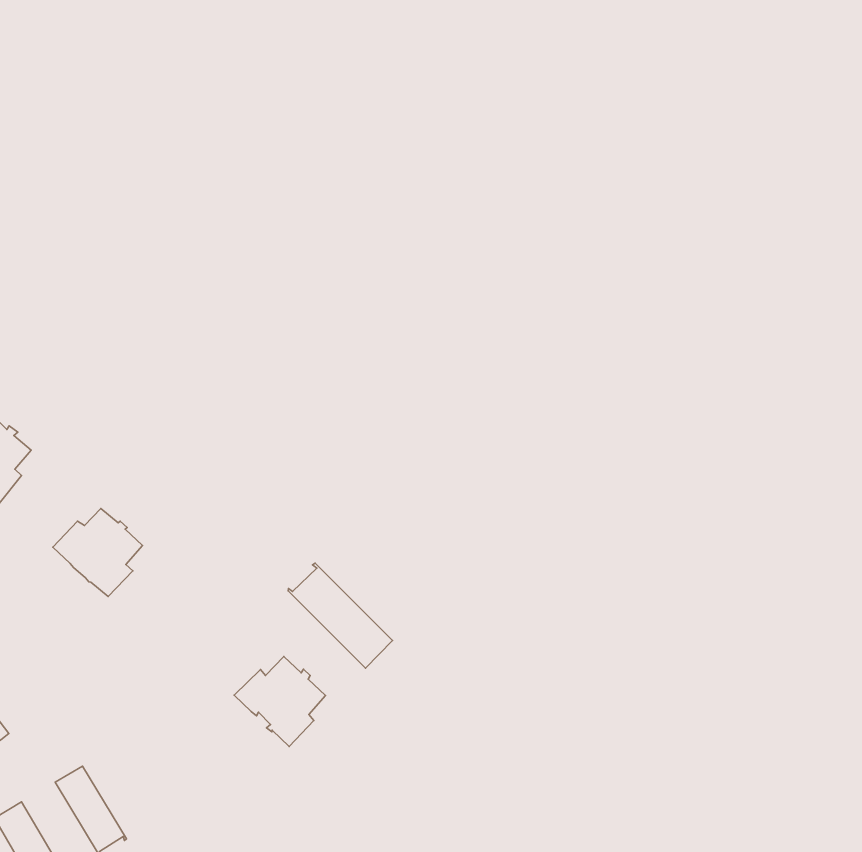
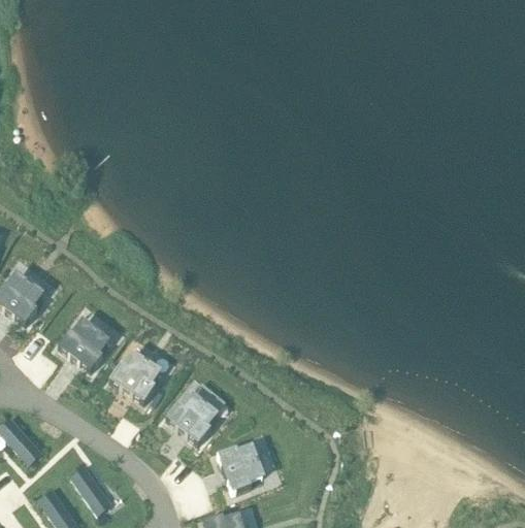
building: [288,563,392,668] -> none
building: none -> [109,353,159,402]
building: none -> [217,446,262,493]

